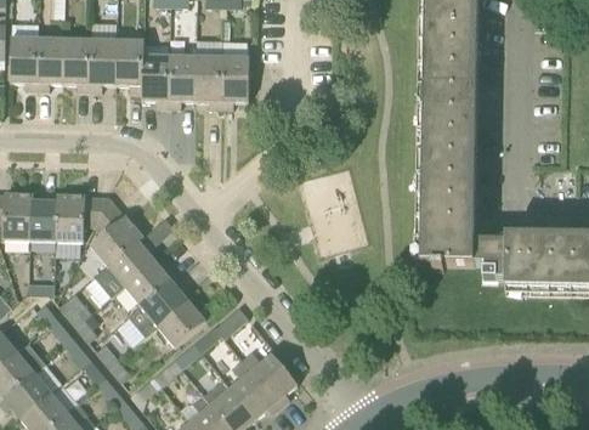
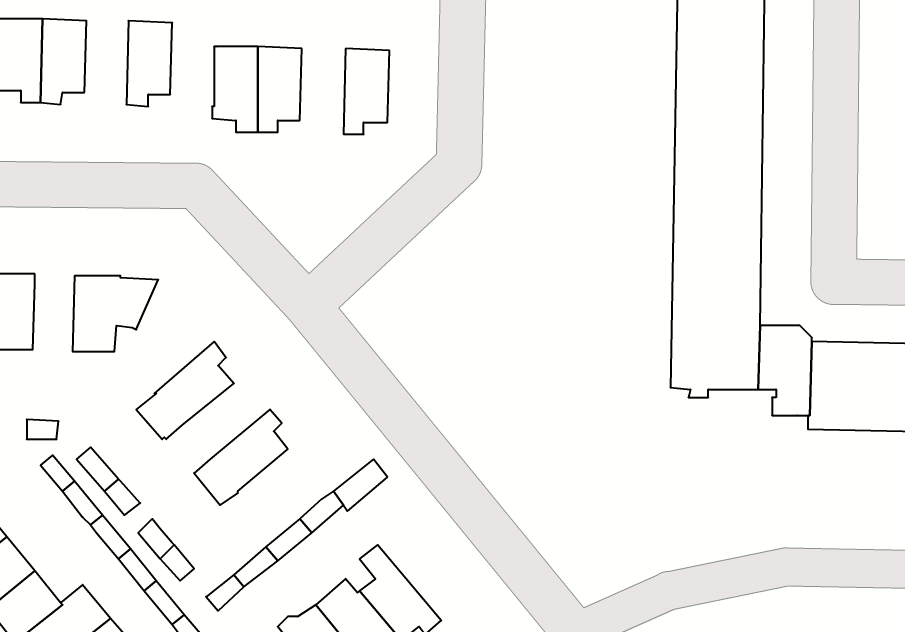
building: [62,39,89,90] -> none
building: [114,40,142,91] -> none
building: [193,56,221,108] -> none
building: [30,194,56,241] -> none
building: [87,197,141,266] -> none
building: [121,260,175,306] -> none
building: [155,300,209,346] -> none
building: [240,350,295,404] -> none

